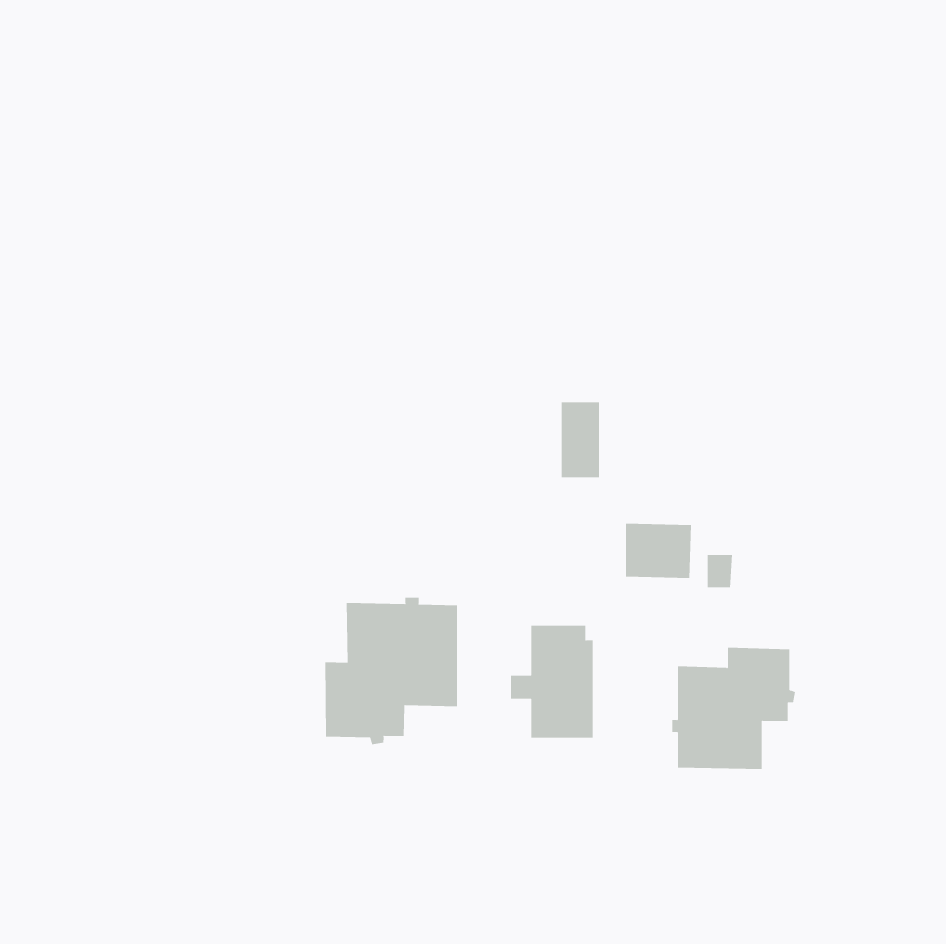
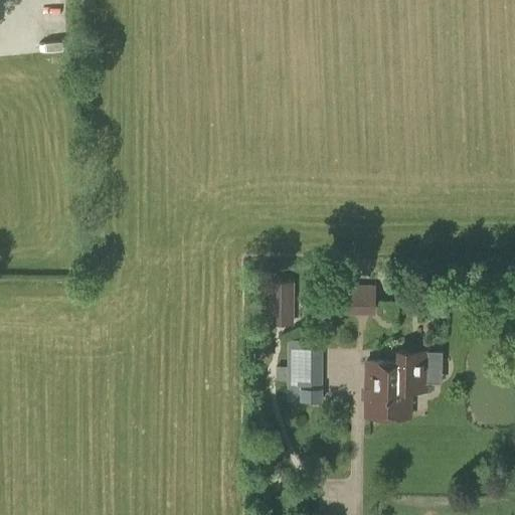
building: [561,402,600,478] -> [272,284,293,325]
building: [325,597,457,745] -> none

